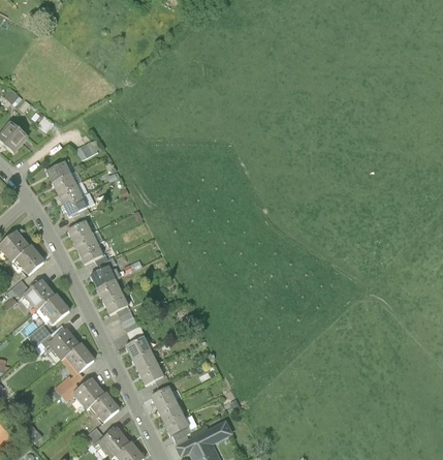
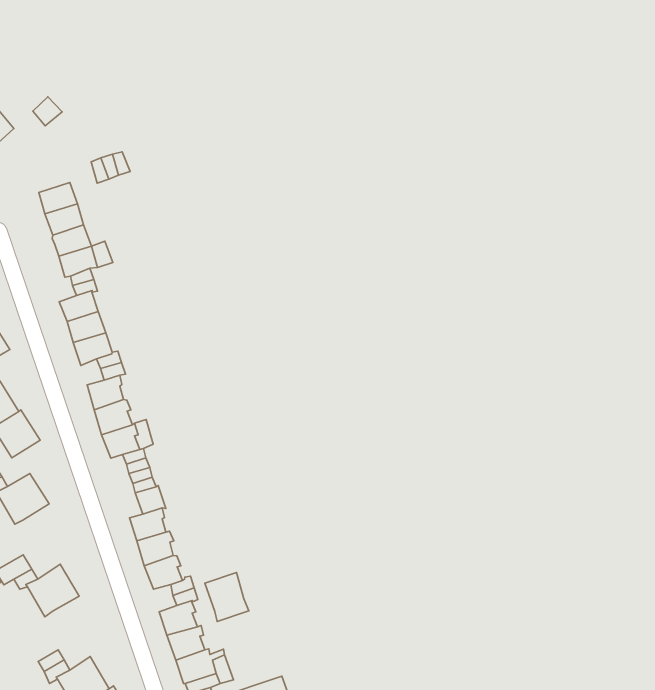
building: [66,343,94,371] -> none
building: none -> [205,573,249,621]
building: [91,392,119,421] -> none

